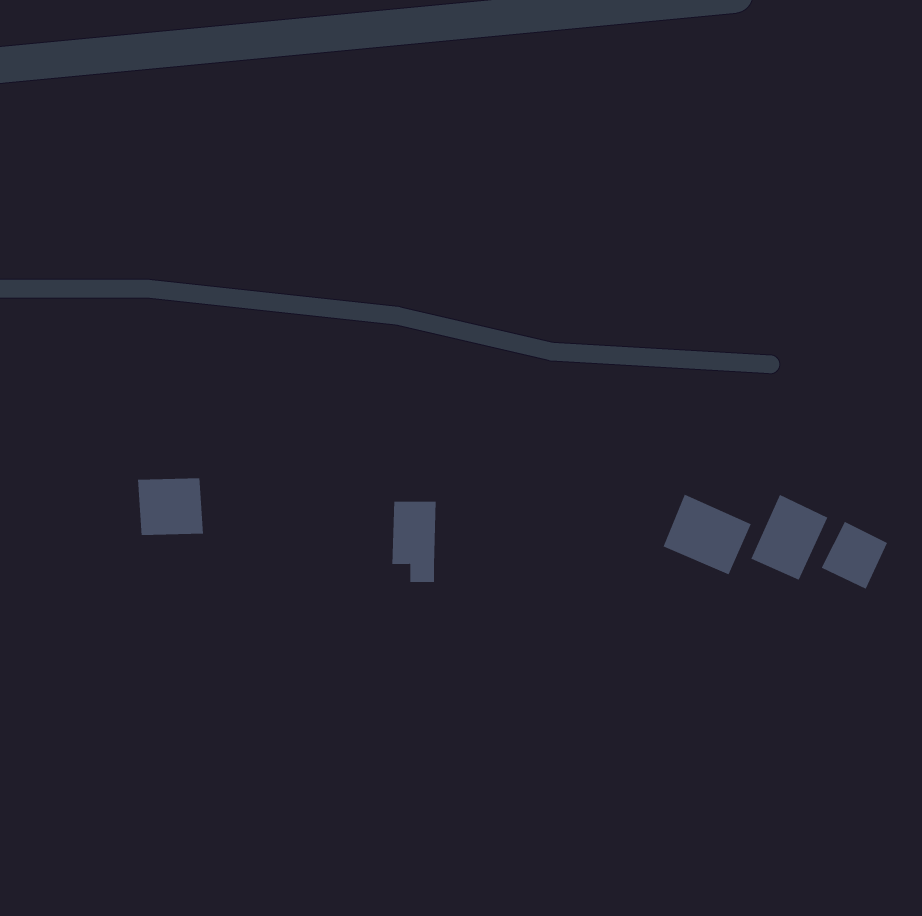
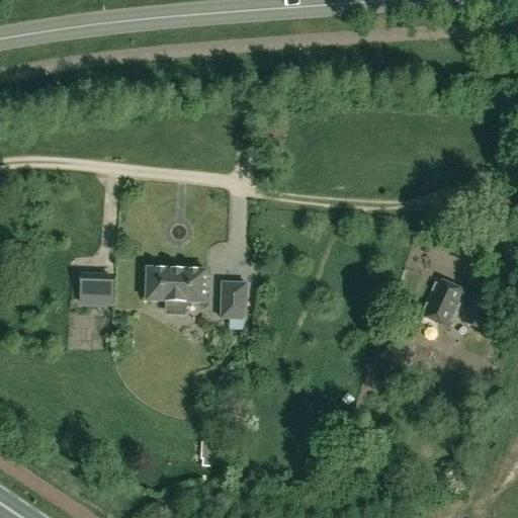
building: none -> [145,267,205,310]
building: [663,494,752,575] -> none

